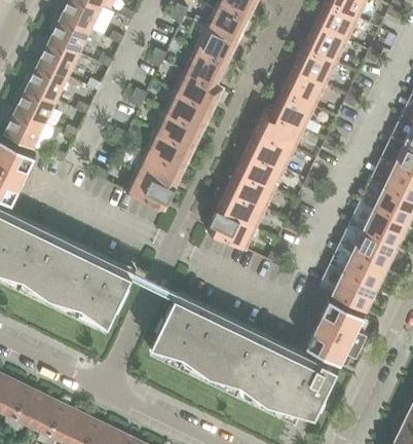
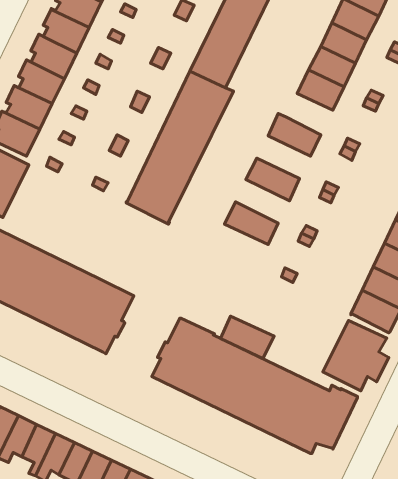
building: [272,89,315,127] -> none
building: [246,128,295,168] -> none
building: [226,169,275,209] -> none
building: [206,210,256,249] -> [220,316,274,359]

